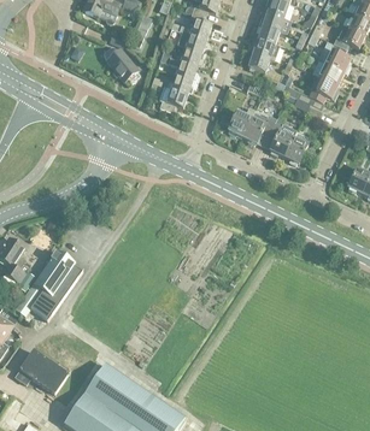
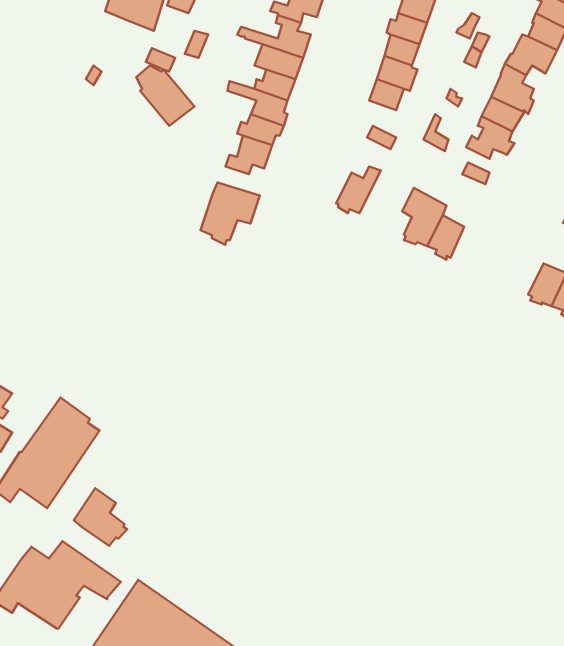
building: [242,111,276,143] -> none
building: none -> [200,182,260,245]
building: none -> [74,488,127,546]

